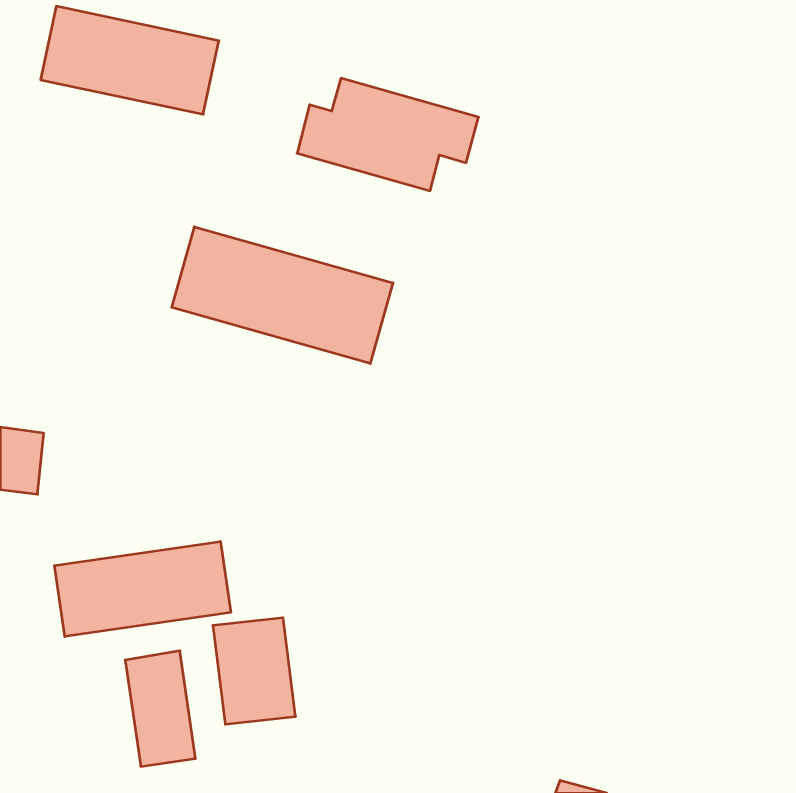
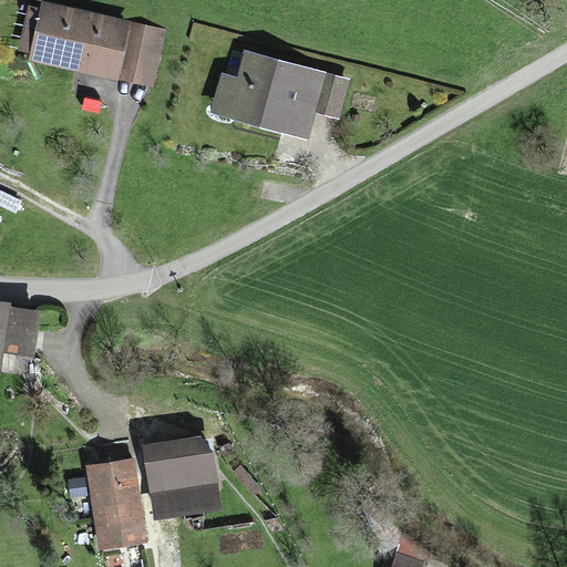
building: [172,227,393,364] -> none
building: [54,541,231,637] -> none

